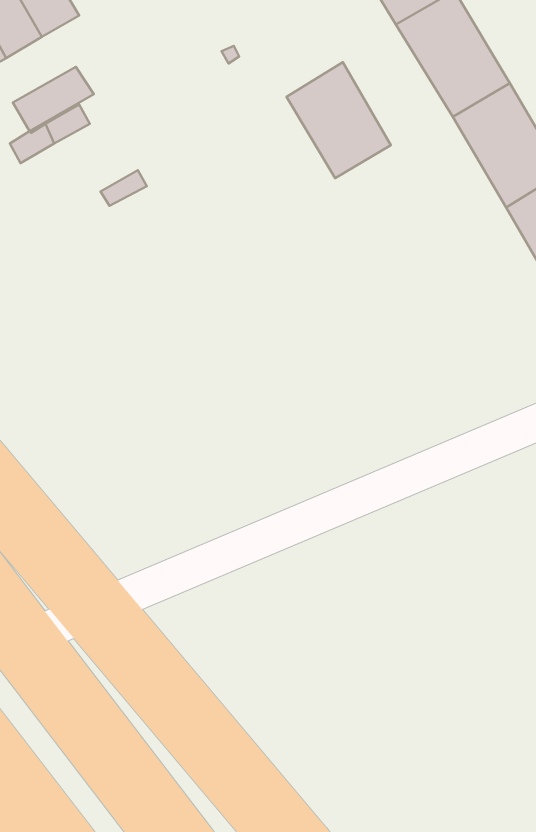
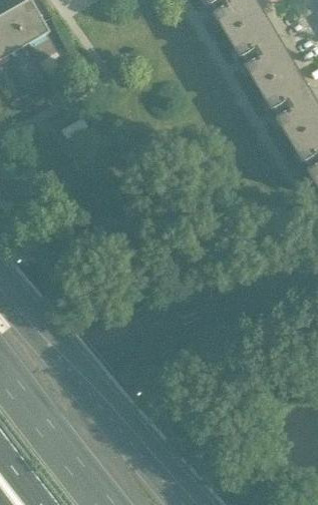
building: [286,62,391,178] -> none
building: [13,67,94,131] -> none

